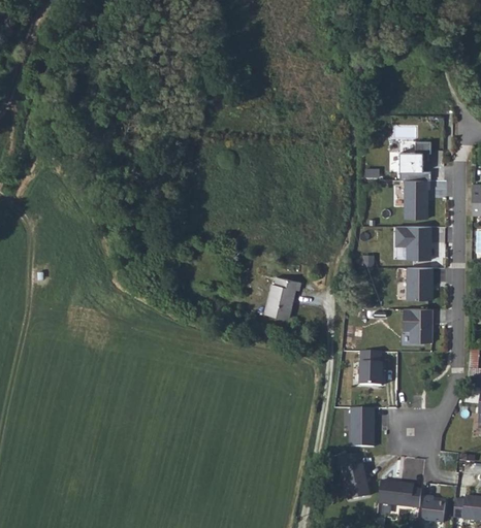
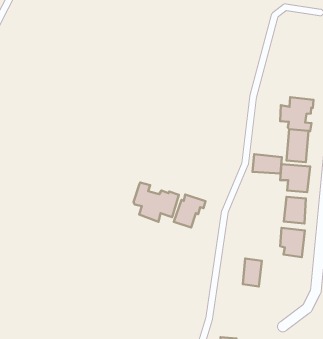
building: none -> [253,154,282,173]
building: none -> [133,182,179,222]
building: [351,406,376,447] -> none

